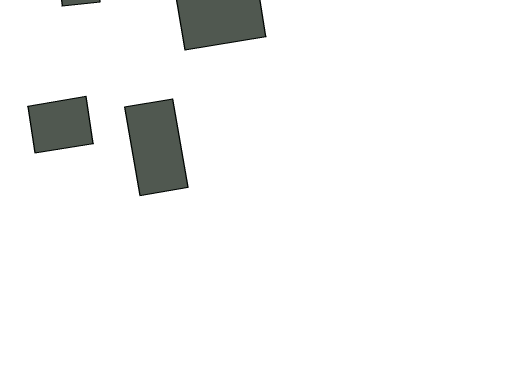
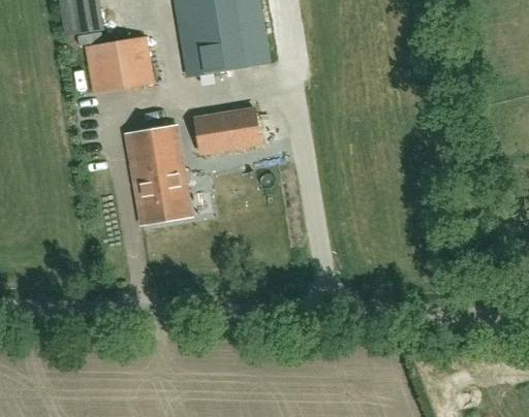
building: none -> [194,109,257,152]
building: [28,96,93,153] -> [86,36,152,93]

